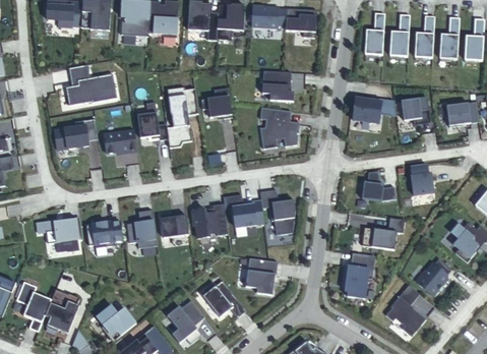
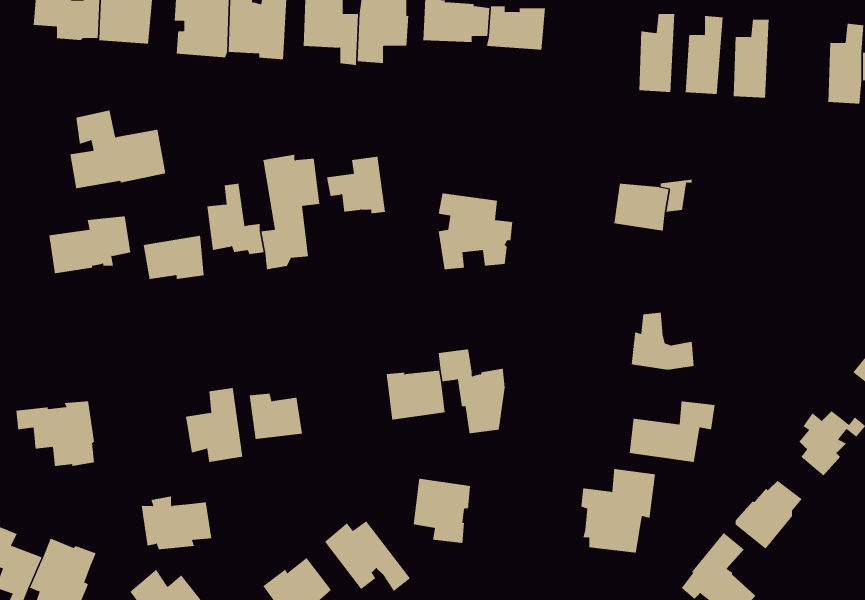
building: [439,16,460,58] -> none
building: [261,70,293,101] -> none
building: [401,97,429,124] -> none
building: [446,101,478,126] -> none
building: [412,164,437,194] -> none
building: [191,206,228,237] -> none
building: [85,218,123,246] -> [141,496,212,550]

